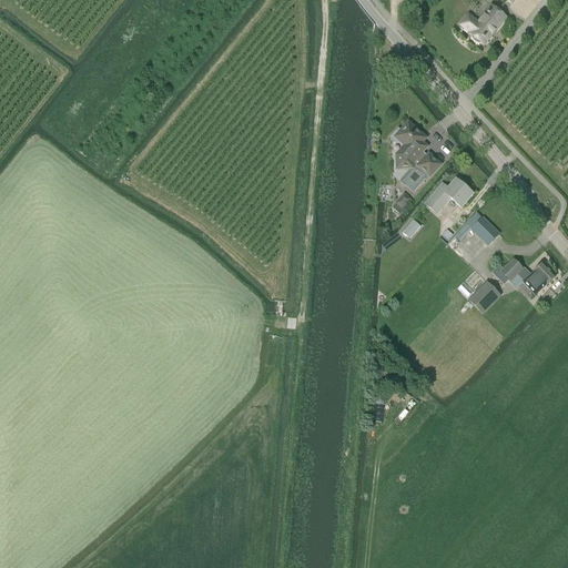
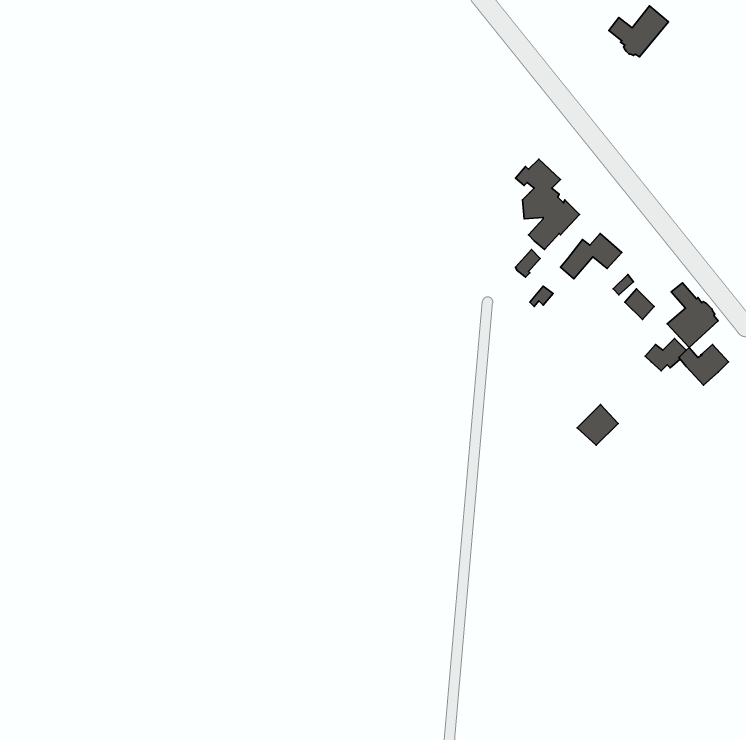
building: none -> [667,283,718,347]
building: [468,280,499,311] -> [577,404,618,445]

